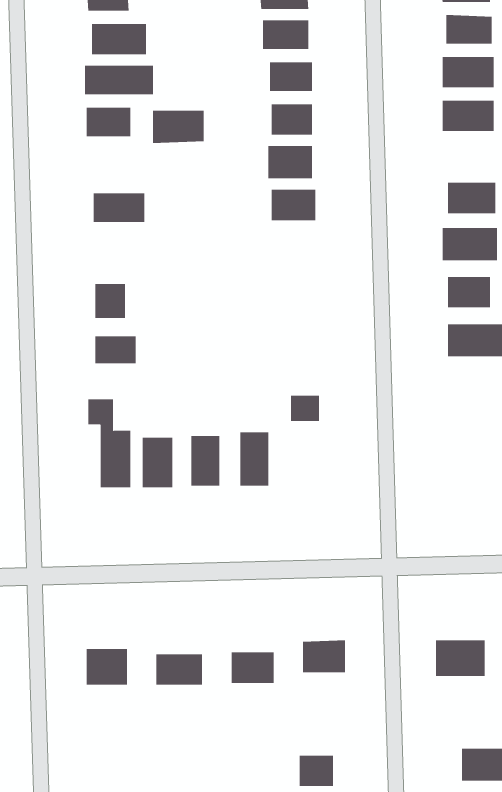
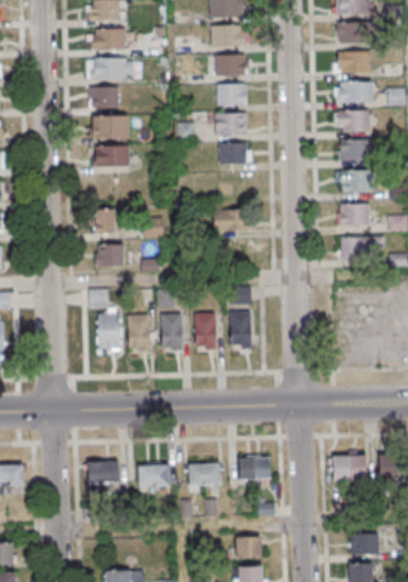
building: [152,110,204,143] -> [91,115,127,138]
building: none -> [336,109,370,132]
building: none -> [214,210,248,230]
building: none -> [231,312,251,350]

